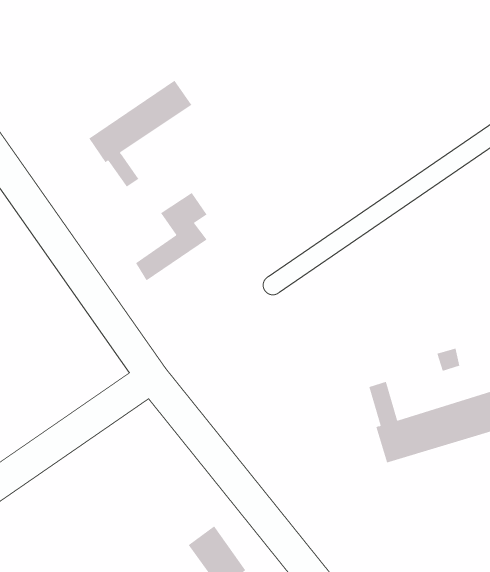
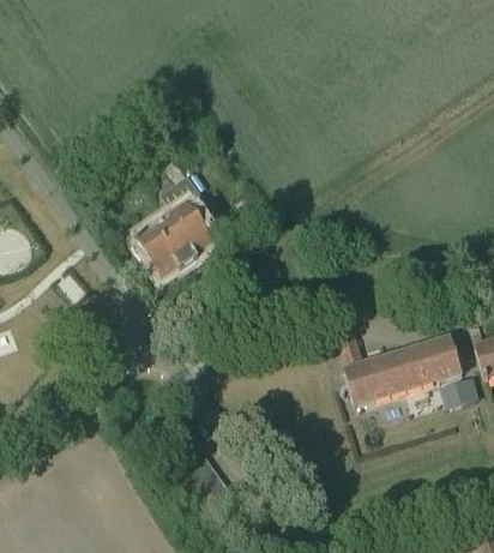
building: [89,80,192,188] -> none
building: none -> [146,211,213,269]

